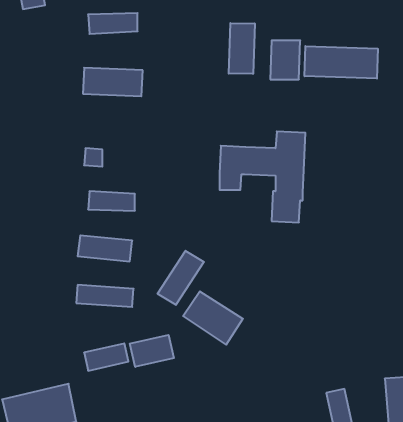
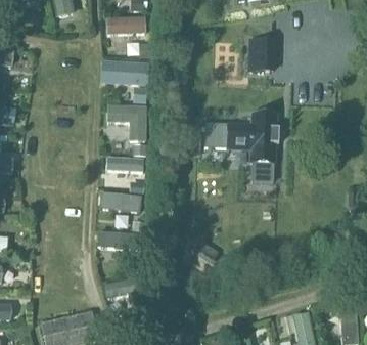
building: [229,23,255,74] -> none
building: [305,46,378,79] -> none
building: none -> [108,105,147,141]
building: [158,251,204,305] -> none
building: [130,335,174,367] -> none

